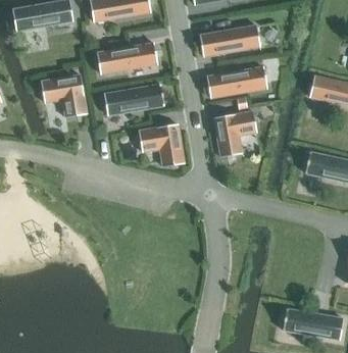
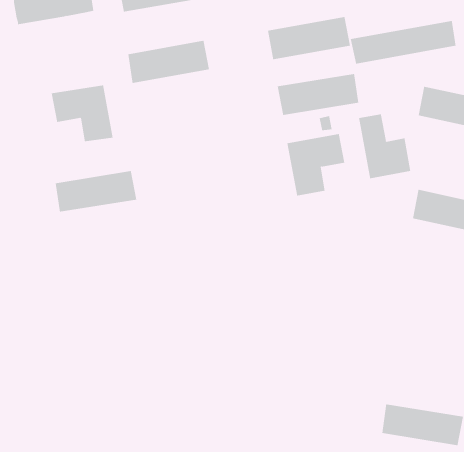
building: none -> [350,20,456,64]
building: [104,85,164,115] -> [55,170,137,212]
building: none -> [358,113,411,179]
building: [138,124,184,167] -> none

